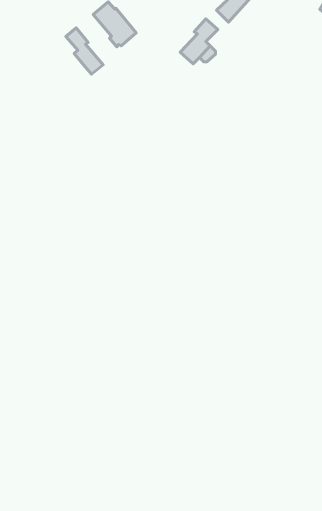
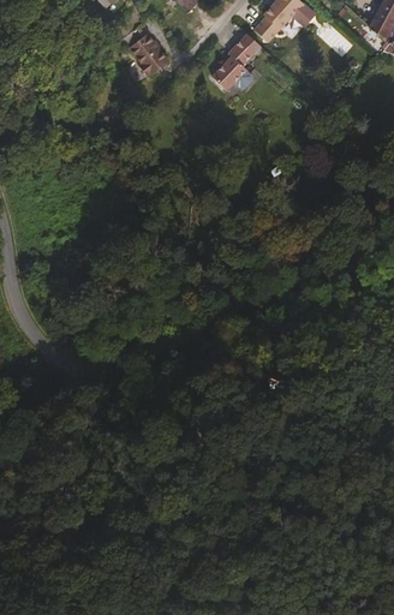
building: [66,28,103,74] -> none

